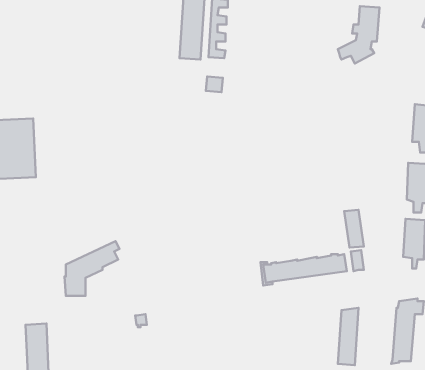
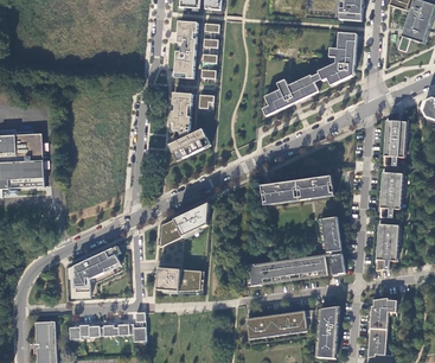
building: none -> [264,74,316,114]
building: none -> [171,93,210,161]
building: none -> [260,177,333,203]
building: none -> [160,203,209,246]
building: none -> [156,262,200,291]
building: none -> [245,310,306,336]
building: none -> [68,320,145,340]

